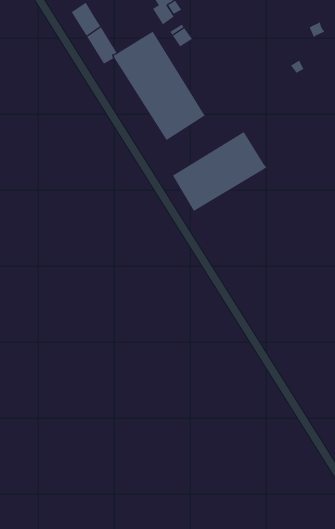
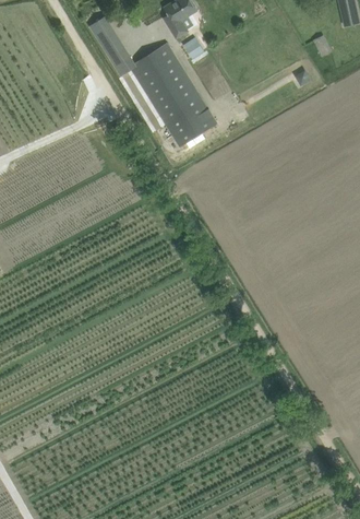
building: [172,131,267,212] -> none

